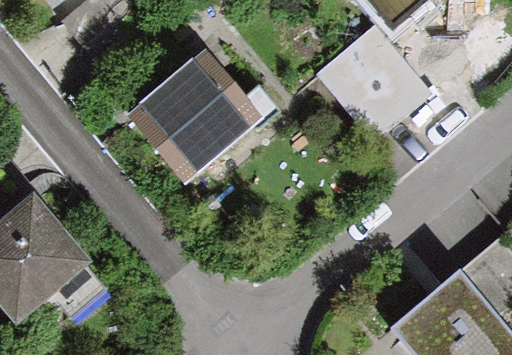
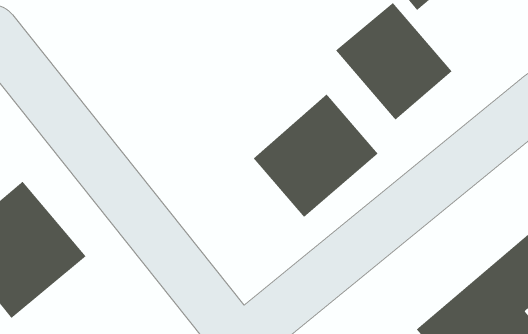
building: [125,48,259,181] -> none
building: none -> [253,93,379,218]

